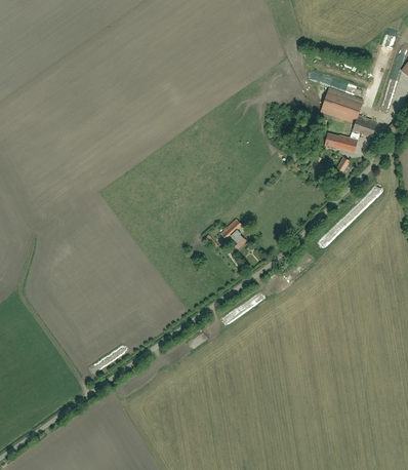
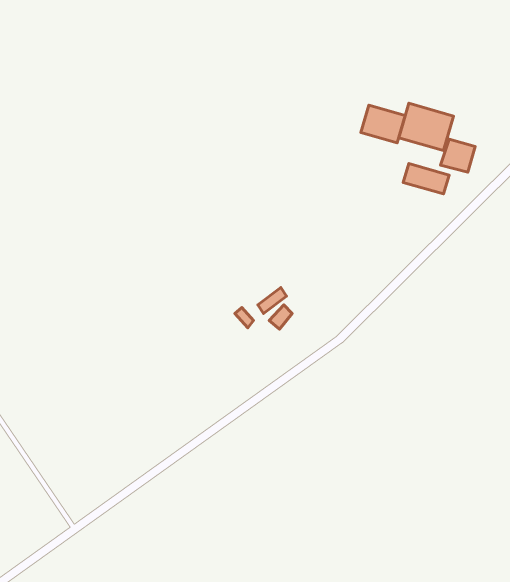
building: none -> [361,105,405,143]

